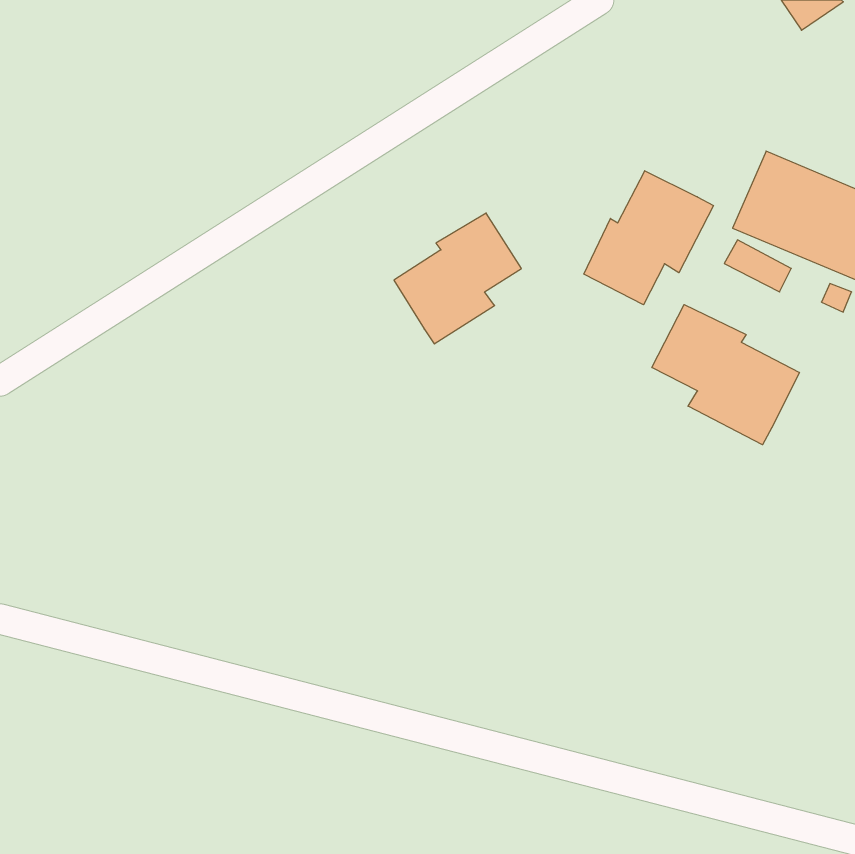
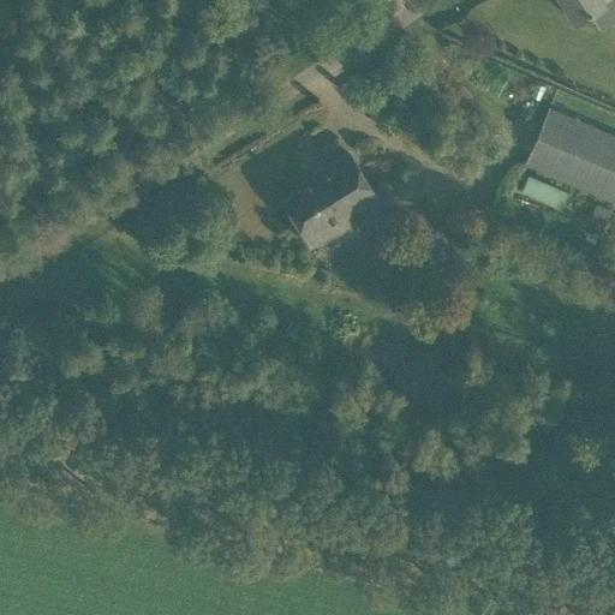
building: [584,171,713,305] -> none
building: [652,305,799,445] -> none

